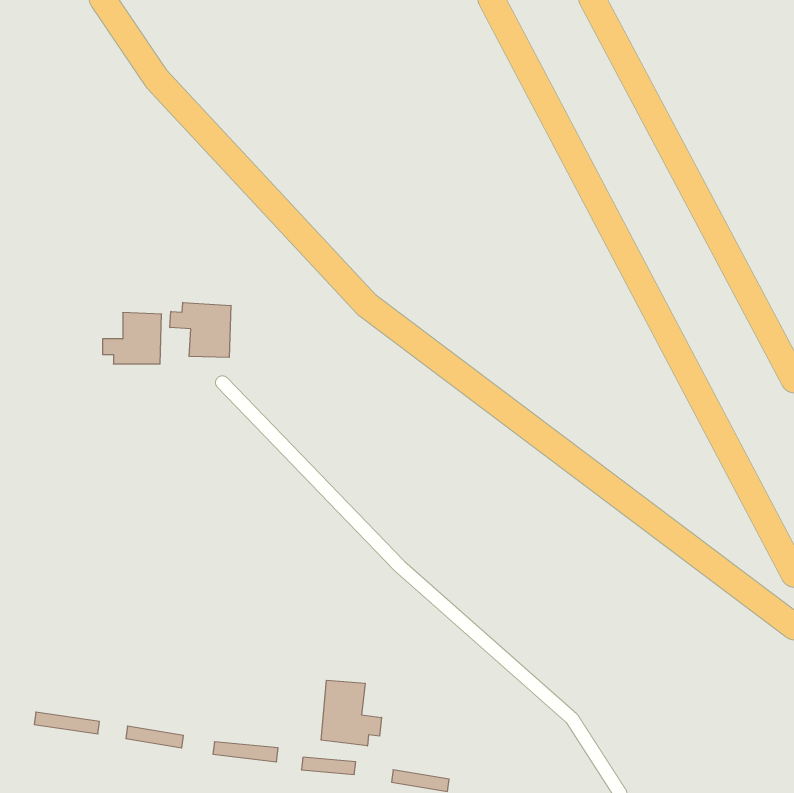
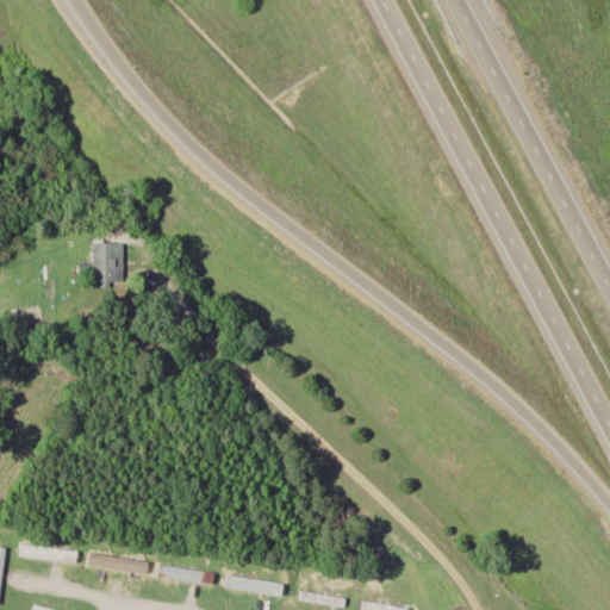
building: [170,302,231,357] -> none
building: [321,680,382,746] -> none

